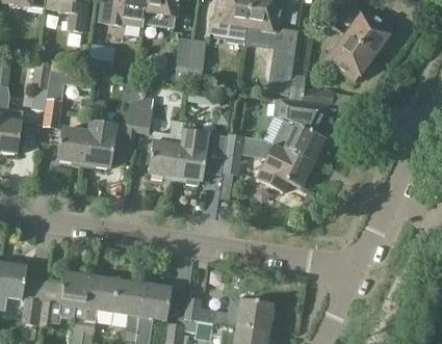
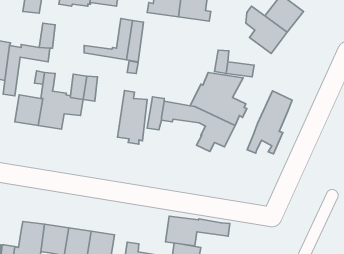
building: [275,51,295,99] -> none
building: [150,120,184,178] -> none
building: none -> [247,91,292,154]
building: none -> [165,216,230,246]

